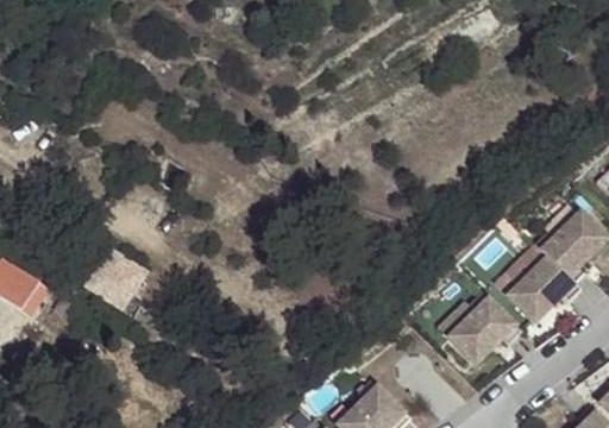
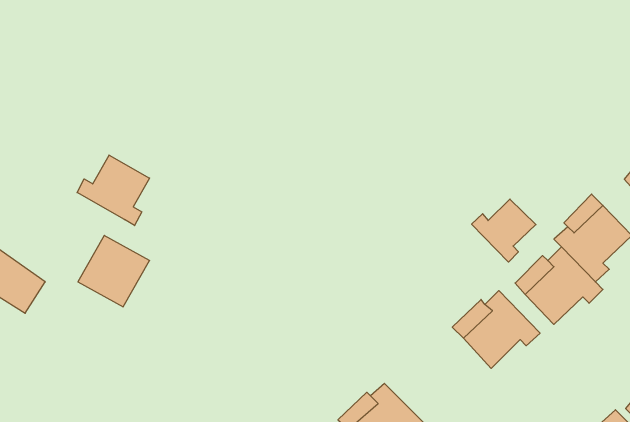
building: none -> [77,155,150,226]
building: none -> [472,199,536,262]

